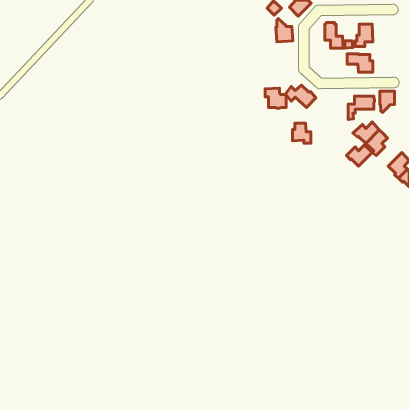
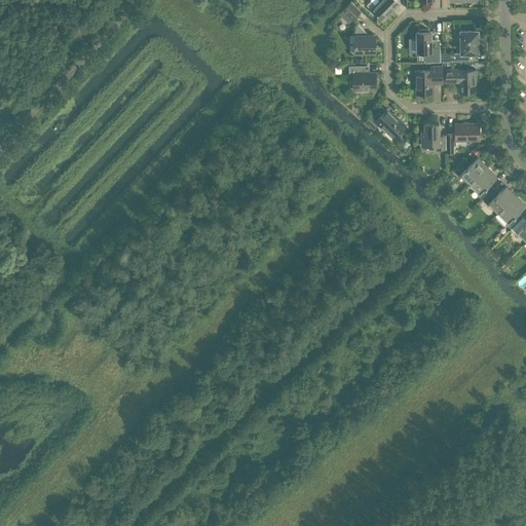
building: none -> [416,66,442,95]
building: [265,88,286,108] -> [348,65,375,90]
building: [380,91,395,113] -> none
building: [293,123,311,143] -> [421,123,445,149]
building: [346,145,372,166] -> [482,186,515,213]

